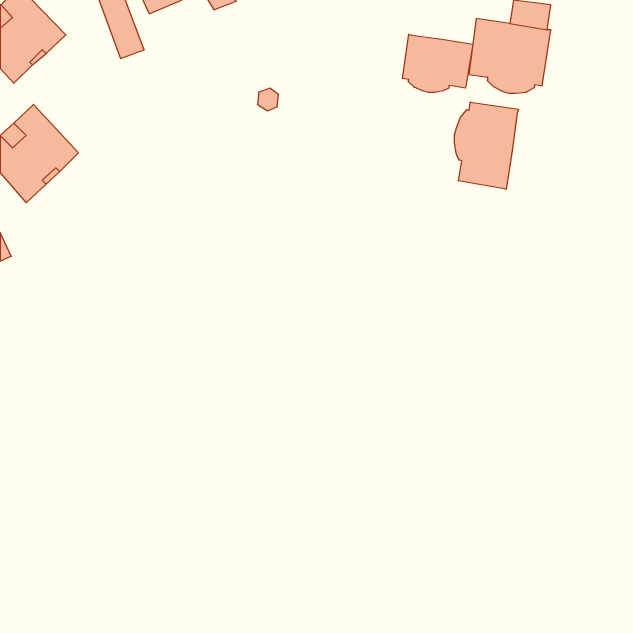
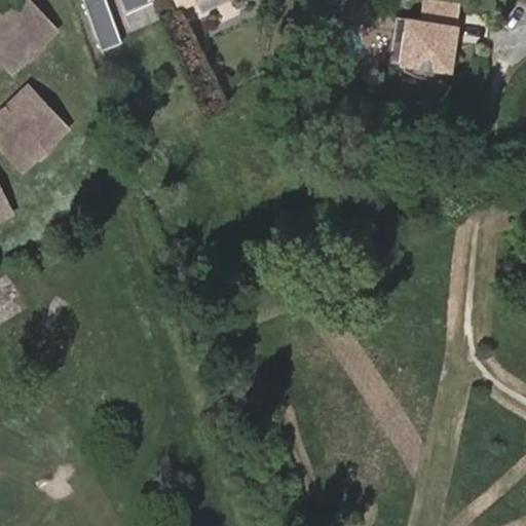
building: [402,34,473,92] -> none
building: [454,102,518,189] -> none

